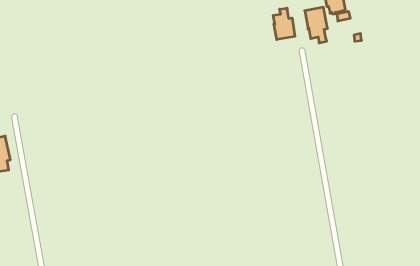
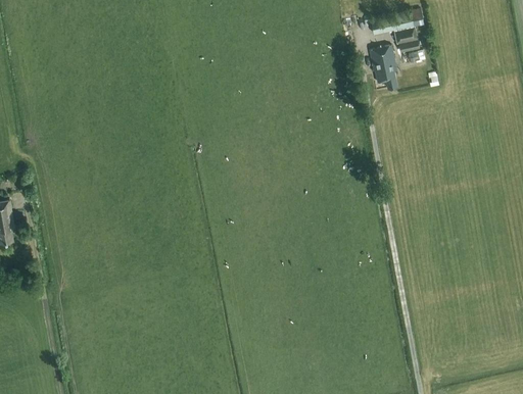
building: [273,8,295,40] -> none

